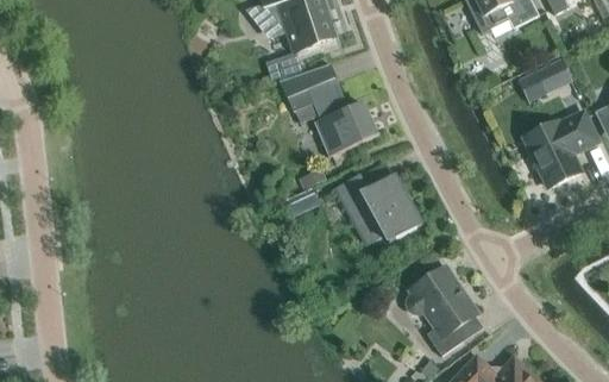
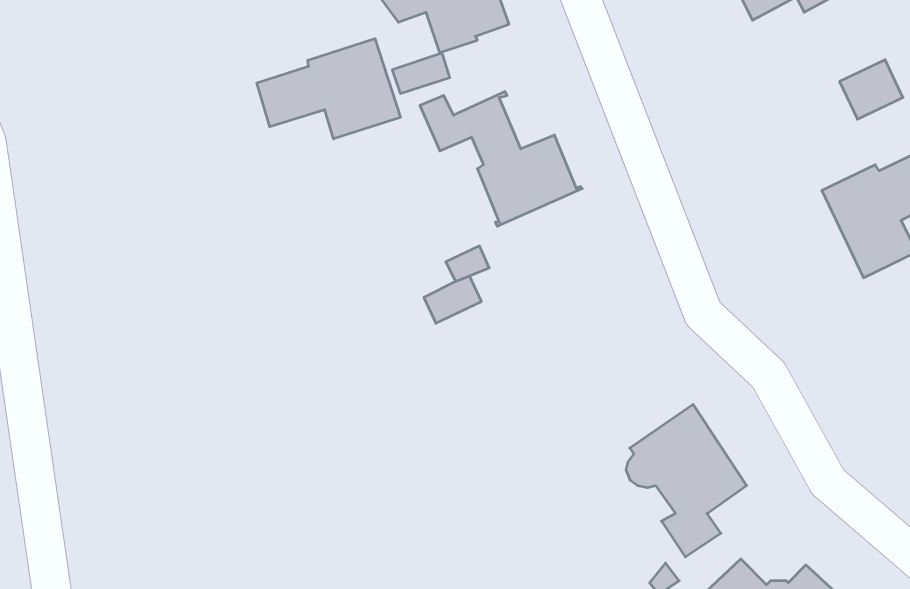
building: none -> [257,39,400,139]
building: [324,173,421,242] -> none

